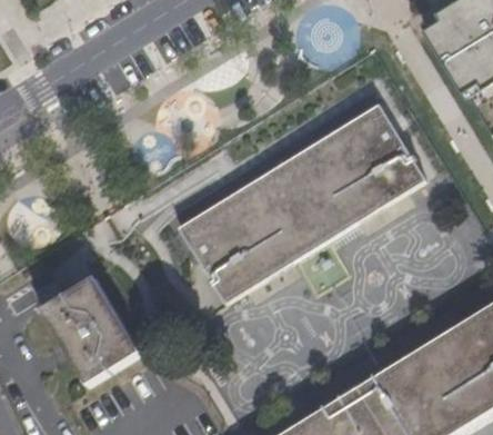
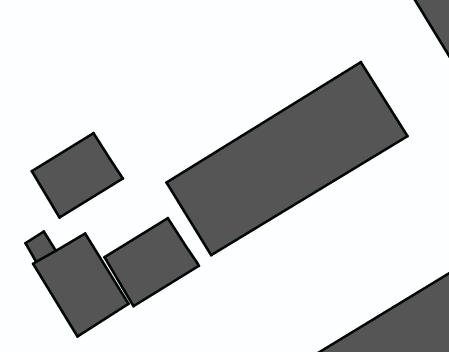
building: none -> [32,133,123,218]
building: none -> [104,218,199,306]

